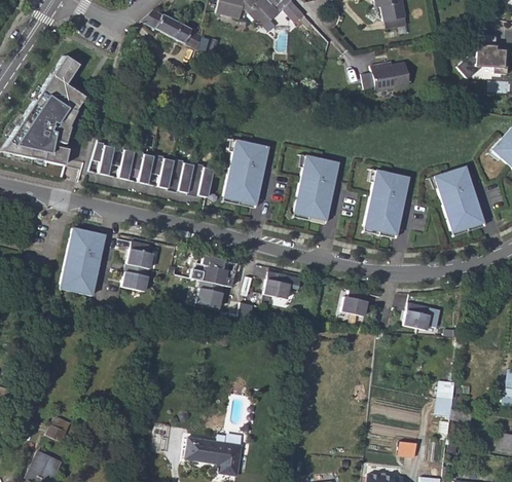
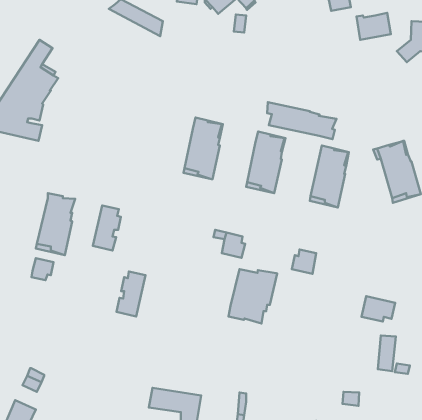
building: [372,65,410,95] -> [356,13,391,40]
building: none -> [267,102,337,139]
building: [93,143,213,197] -> none
building: [198,254,230,303] -> [117,272,146,316]
building: none -> [31,258,53,280]
building: [404,297,441,325] -> [361,296,395,322]
building: none -> [228,269,277,324]

